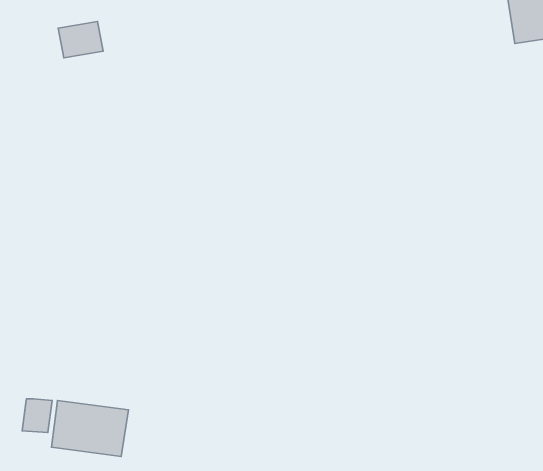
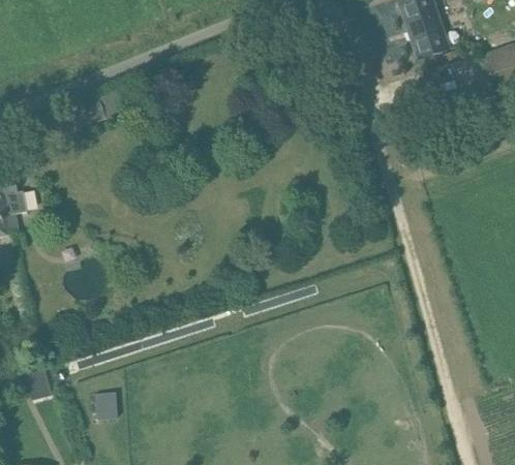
building: [52,401,128,457] -> none

